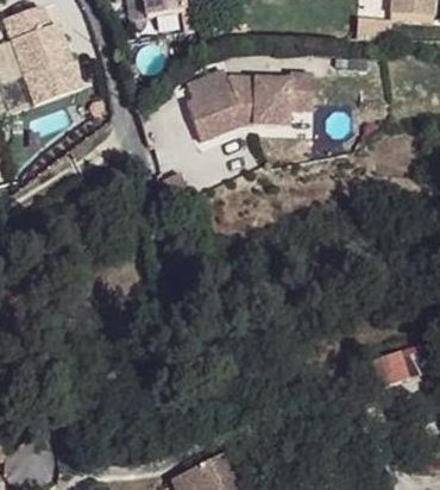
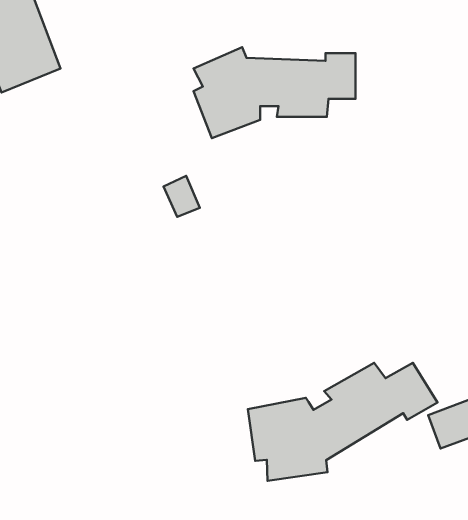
building: none -> [248,363,437,481]

